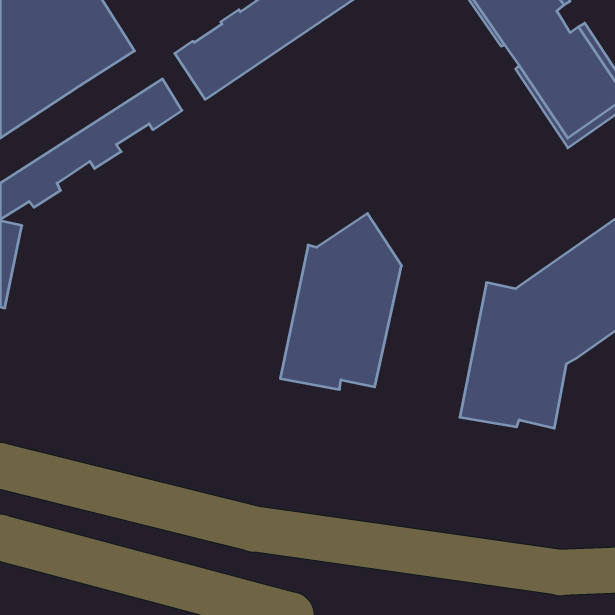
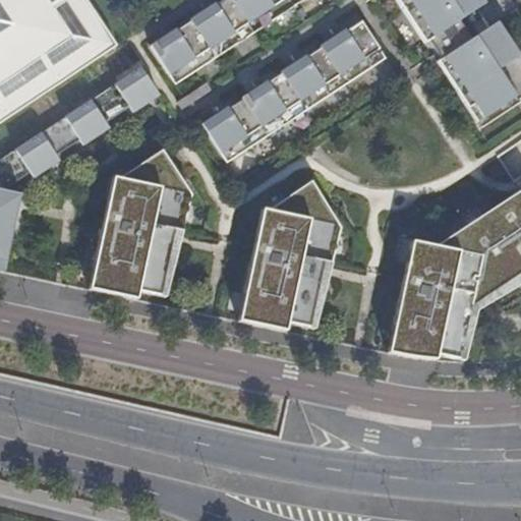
building: none -> [202,17,386,161]
building: none -> [92,149,191,295]

